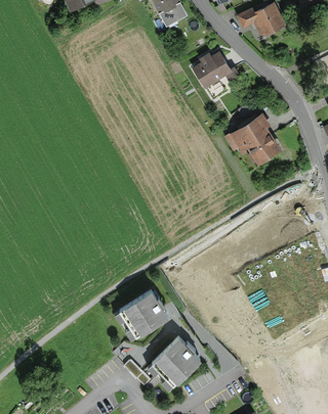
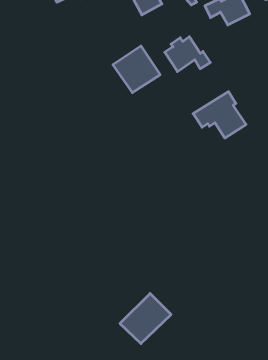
building: none -> [113,46,160,93]
building: [108,292,165,346] -> none

